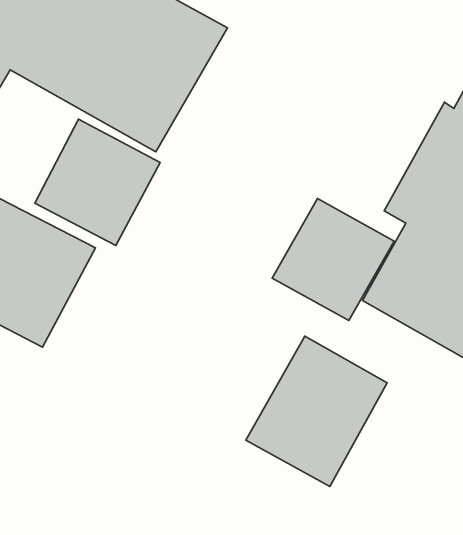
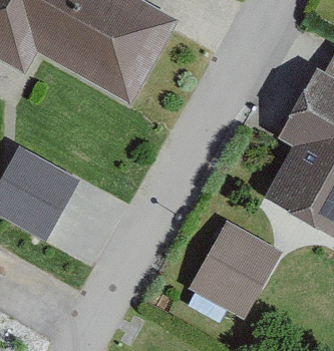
building: [35,119,160,245] -> none
building: [272,199,394,321] -> none

